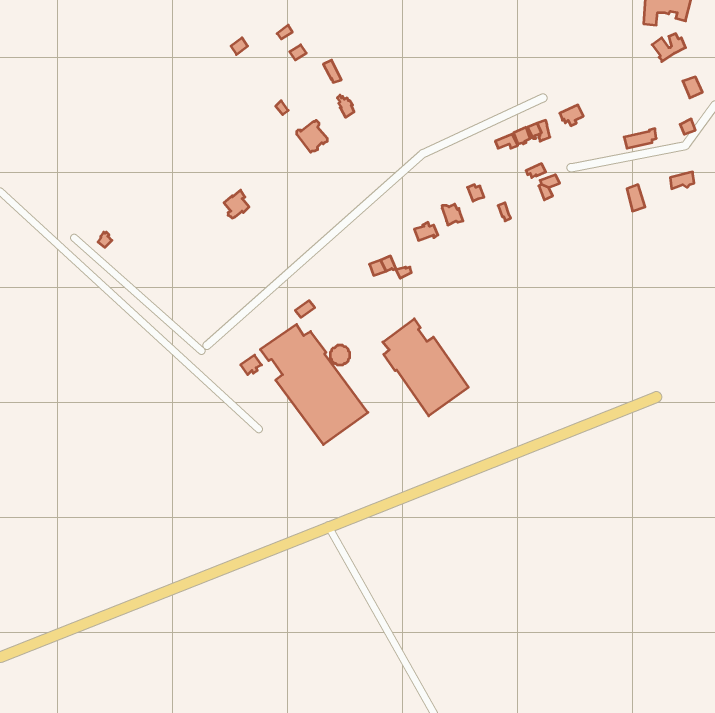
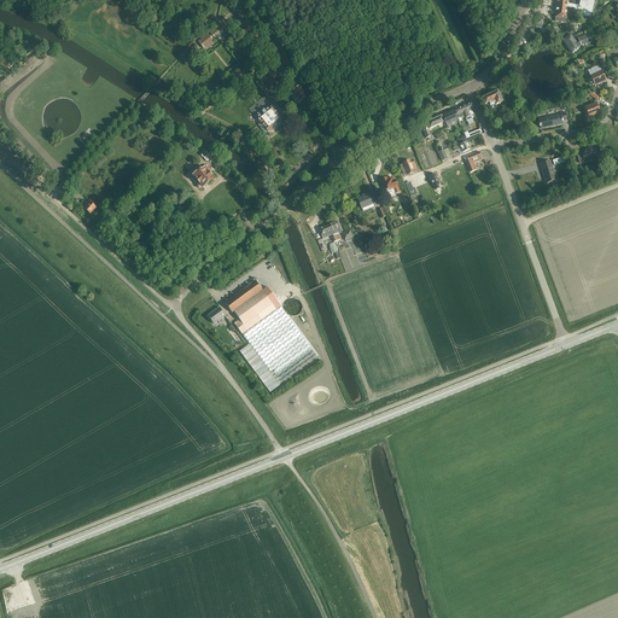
building: [383,319,468,416] -> none

